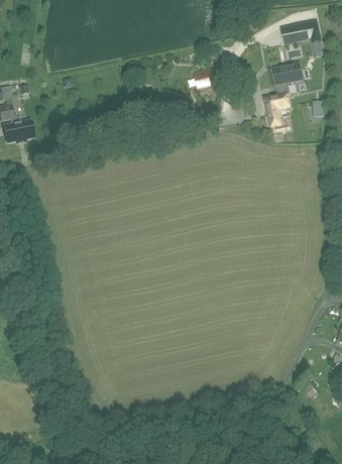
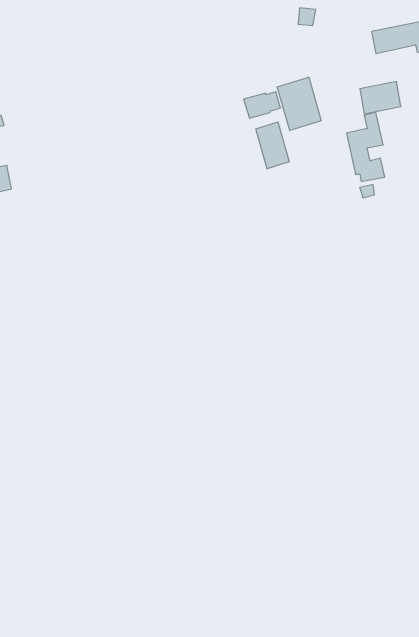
building: none -> [277,77,321,131]
building: none -> [256,122,289,169]

